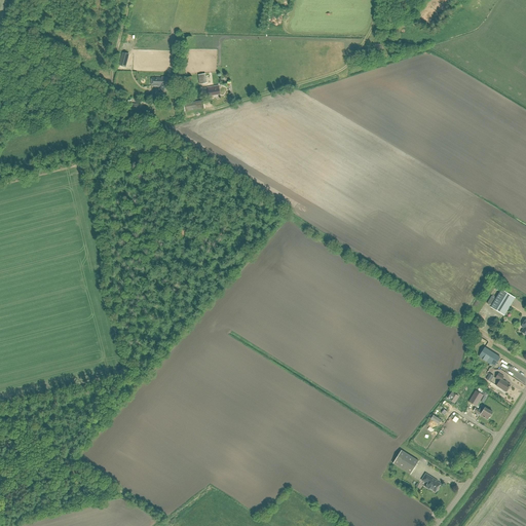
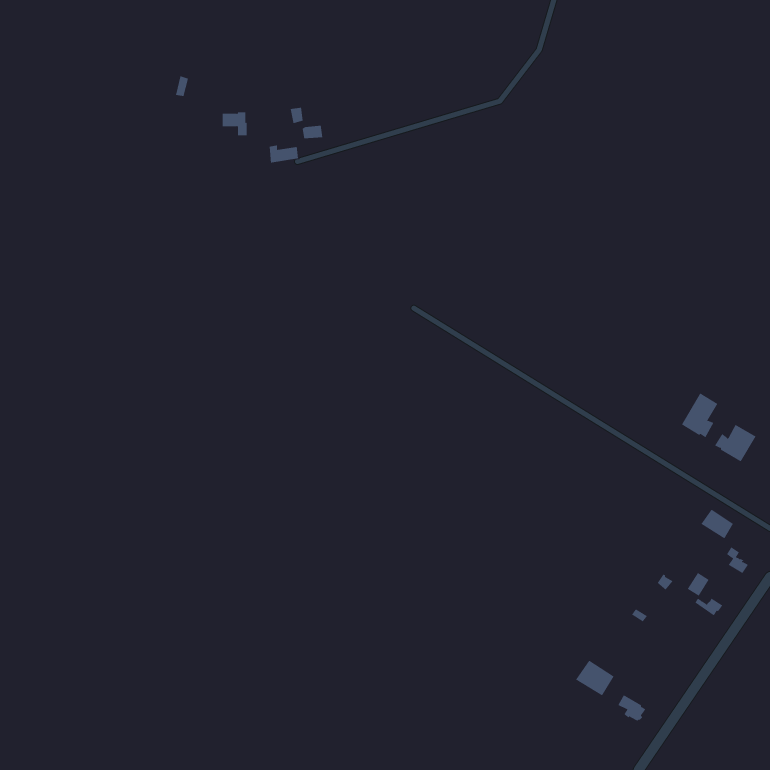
building: none -> [681,392,718,438]

